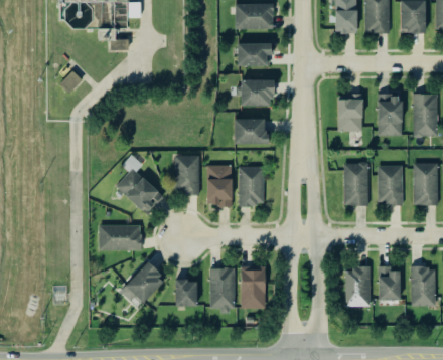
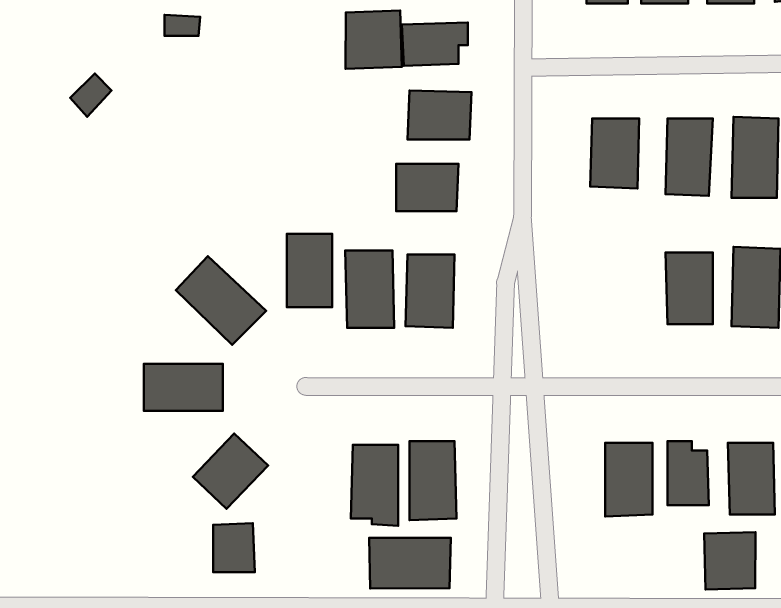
building: none -> [345,11,402,69]
building: [343,163,370,206] -> none
building: [175,280,197,306] -> [213,523,255,572]
building: none -> [704,532,756,589]
building: none -> [369,538,451,588]

